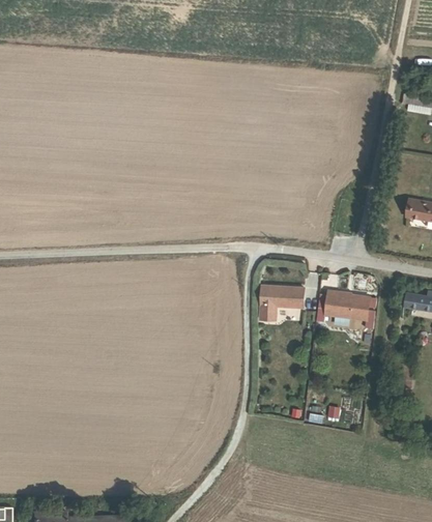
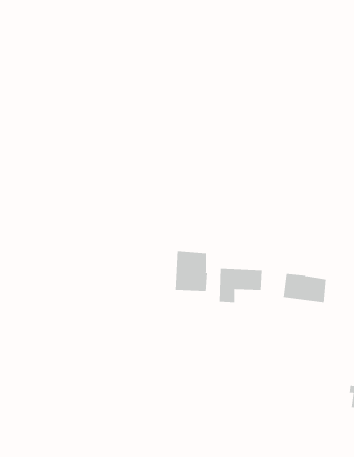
building: none -> [175,251,208,292]

